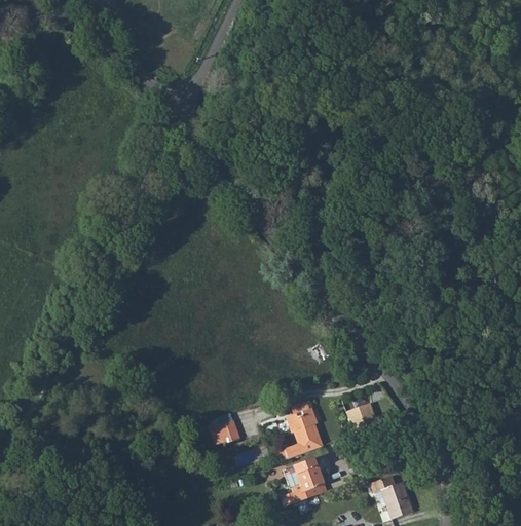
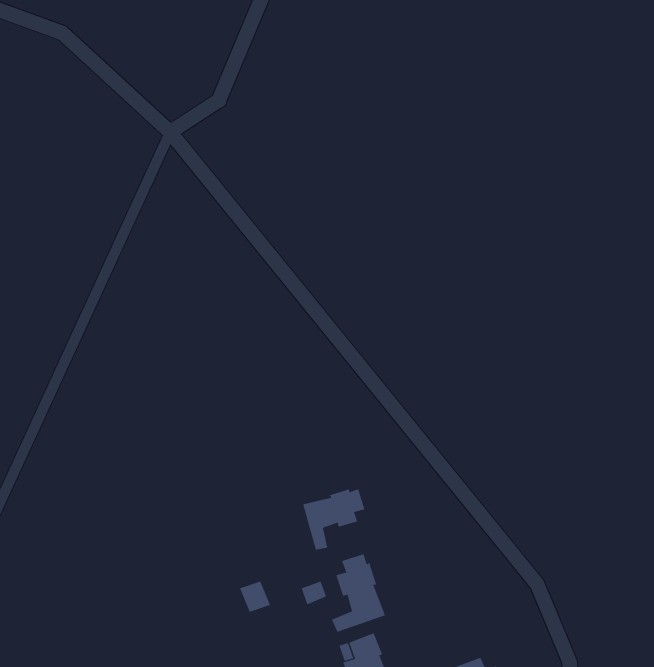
building: none -> [303,489,365,550]
building: [346,402,378,434] -> none

